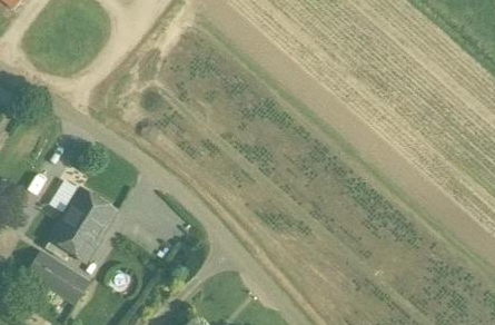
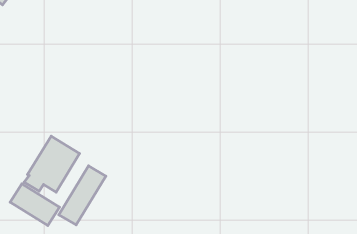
building: none -> [59,166,106,225]

